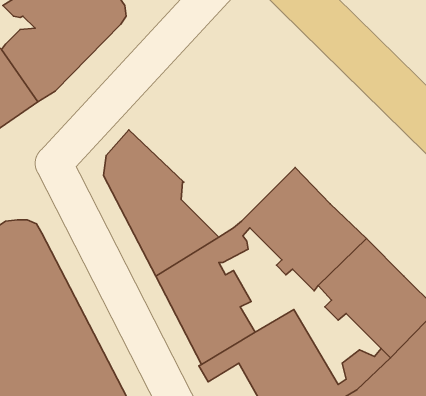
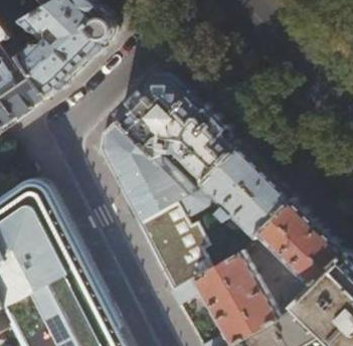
building: none -> [113,76,237,185]

